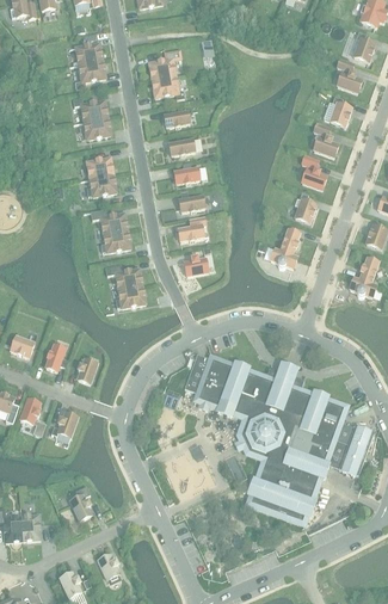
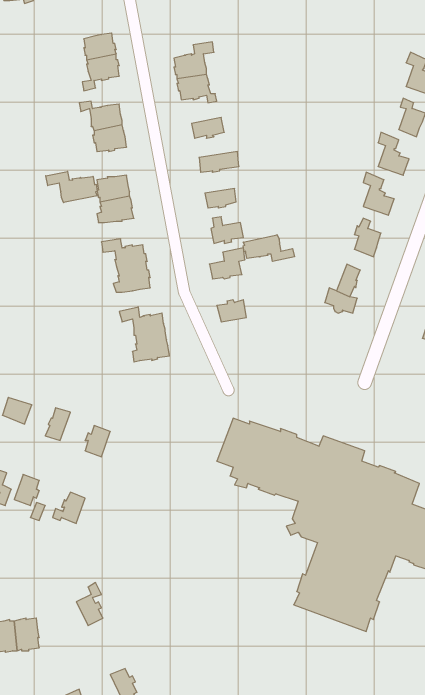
building: none -> [46,171,97,203]
building: none -> [243,235,294,261]

